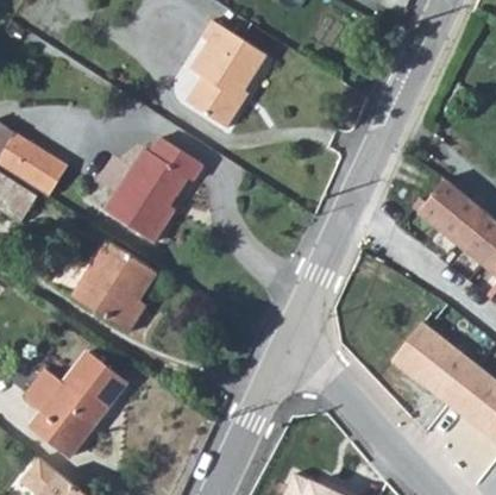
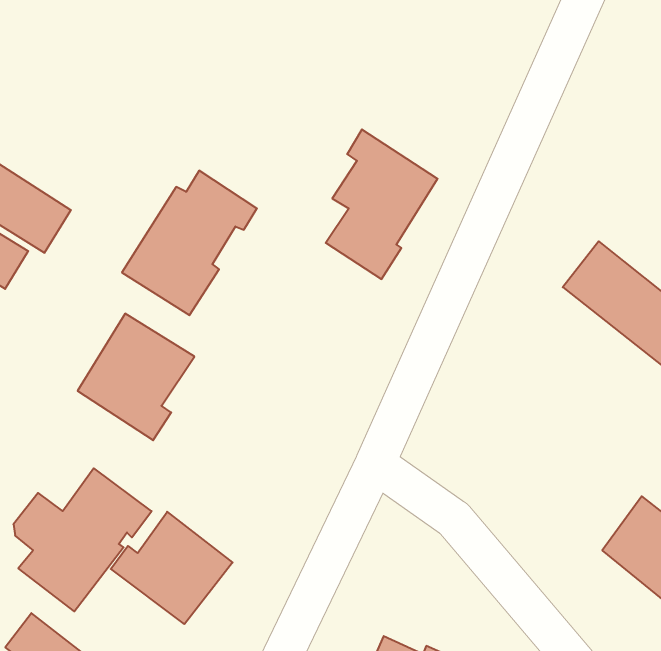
building: [186,18,266,126] -> [326,129,438,279]
building: [397,327,481,411] -> none
building: none -> [111,512,233,624]

